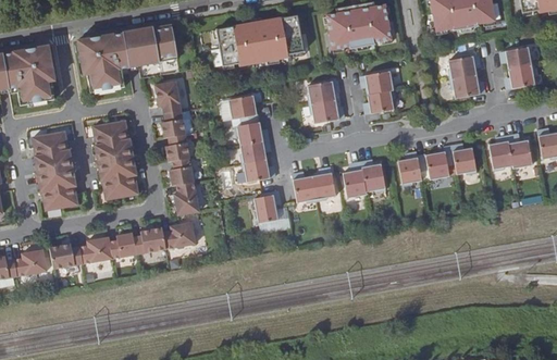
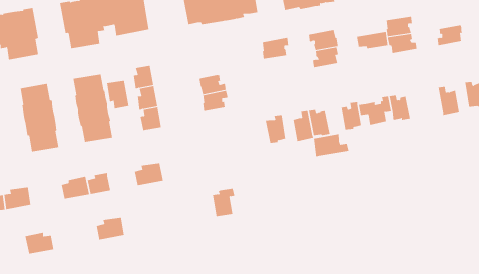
building: [500,47,533,70] -> none
building: none -> [357,31,388,49]
building: [154,82,181,114] -> [106,80,129,109]
building: [228,95,258,125] -> none
building: [309,100,344,123] -> none
building: [488,136,512,171] -> none
building: [242,159,274,182] -> none
building: [292,172,317,202] -> none
building: [173,182,199,215] -> none
building: none -> [313,133,349,158]
building: [253,190,280,223] -> [212,188,235,217]
building: [133,227,165,253] -> [96,217,124,240]
building: [49,244,83,269] -> [25,232,54,254]

